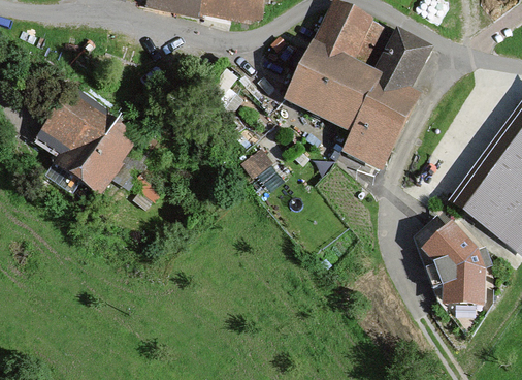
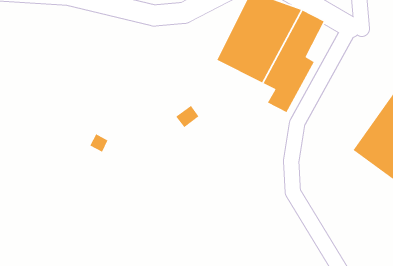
building: [46,103,127,191] -> none
building: [429,228,485,303] -> none

